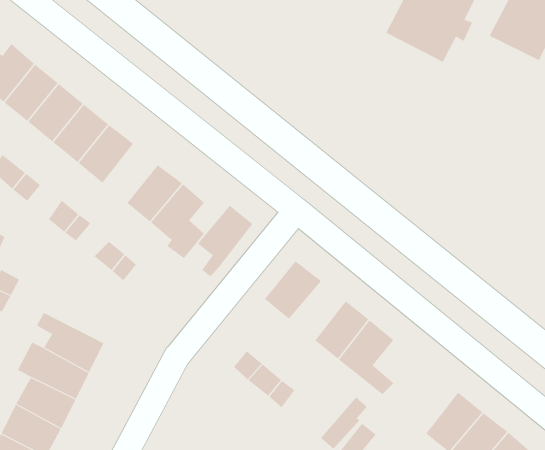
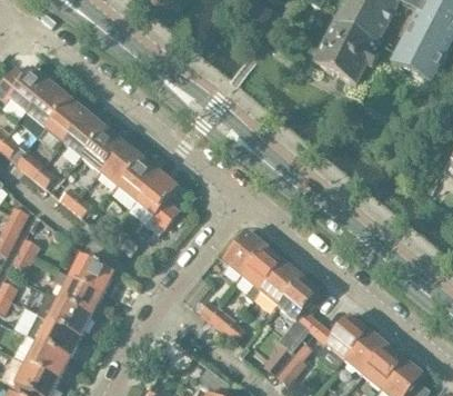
building: none -> [101,142,142,187]
building: [197,205,253,277] -> [241,246,283,300]
building: none -> [57,254,113,293]
building: none -> [311,314,368,360]

